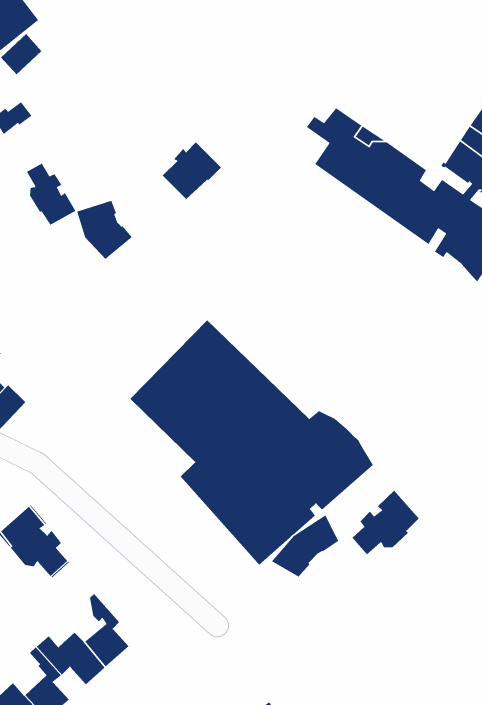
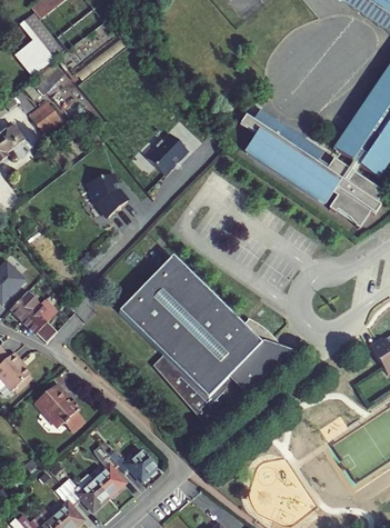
building: [26,162,77,226] -> none
building: [351,490,420,556] -> none
building: [271,514,339,578] -> none
building: none -> [108,448,156,479]

